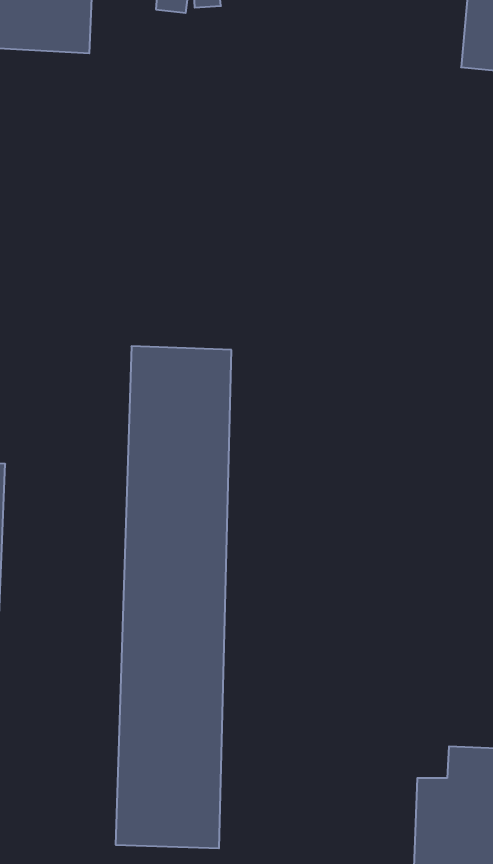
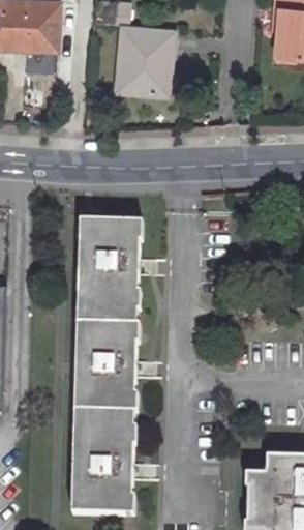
building: none -> [116,26,172,93]

